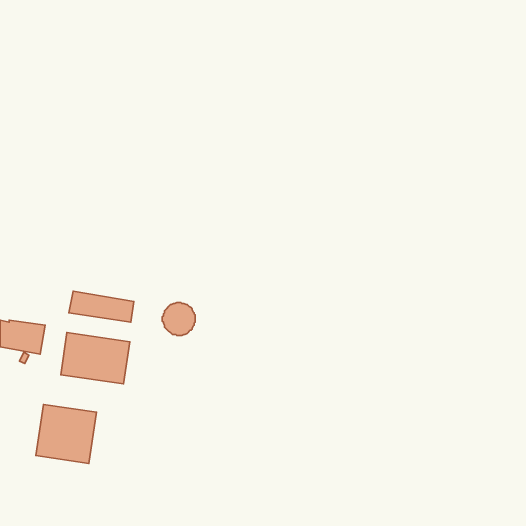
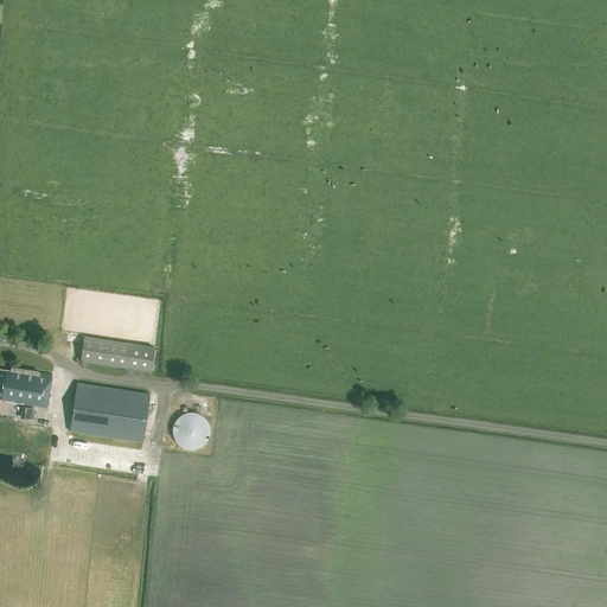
building: [162,302,195,335] -> [172,411,210,449]
building: [36,404,96,463] -> none

